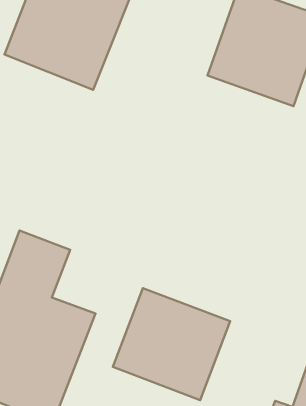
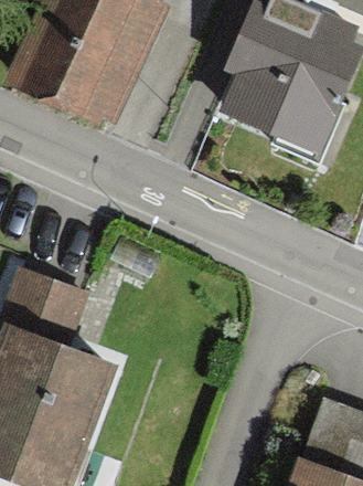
building: [113,288,230,400] -> none

